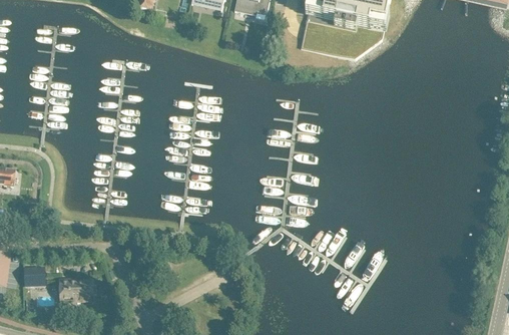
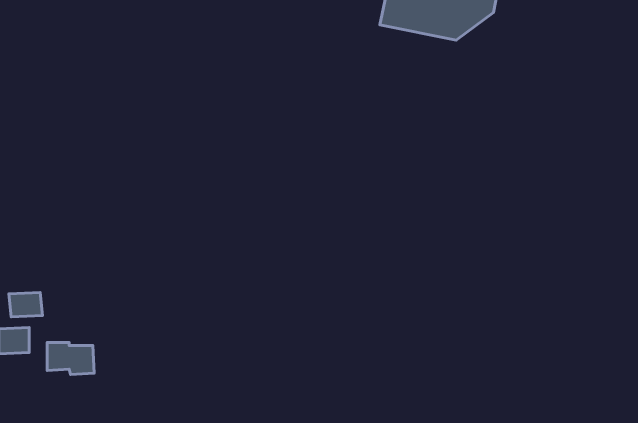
building: none -> [9,292,43,317]

